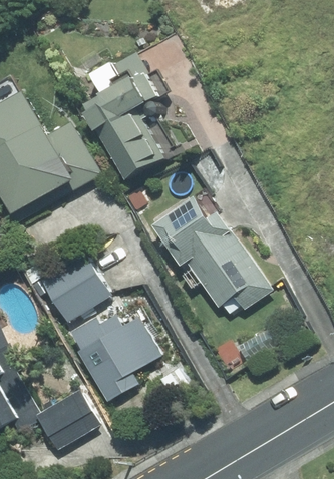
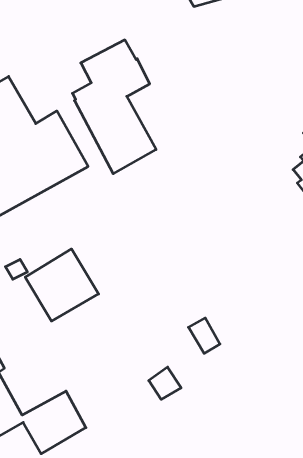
building: [153,196,272,310] -> none
building: [70,315,161,401] -> none

